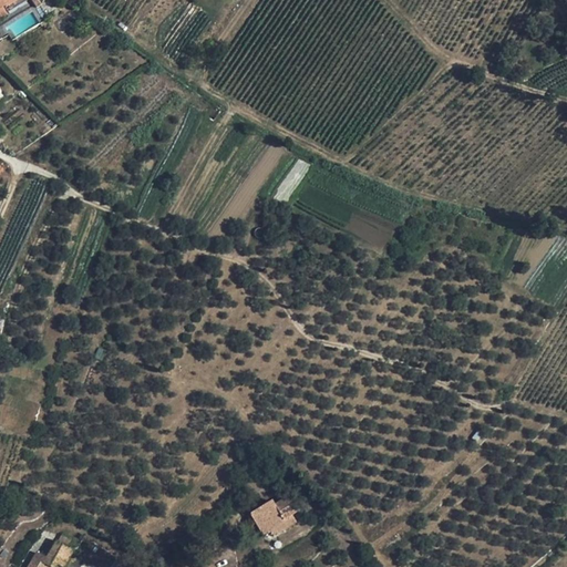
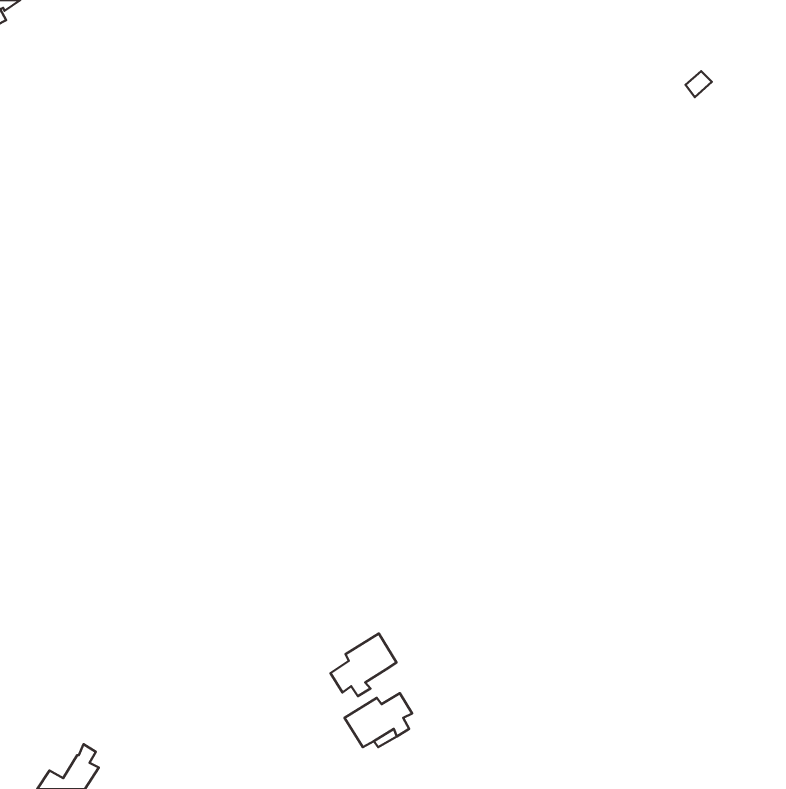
building: none -> [330,634,396,696]

